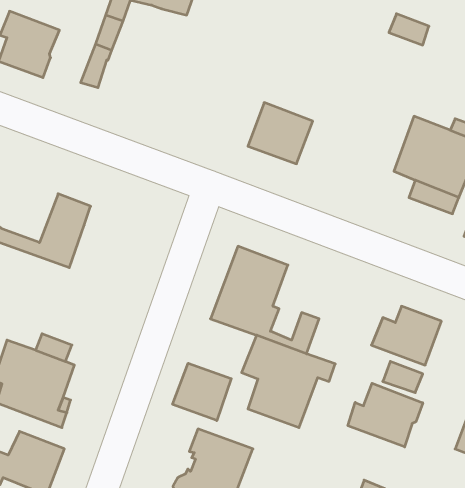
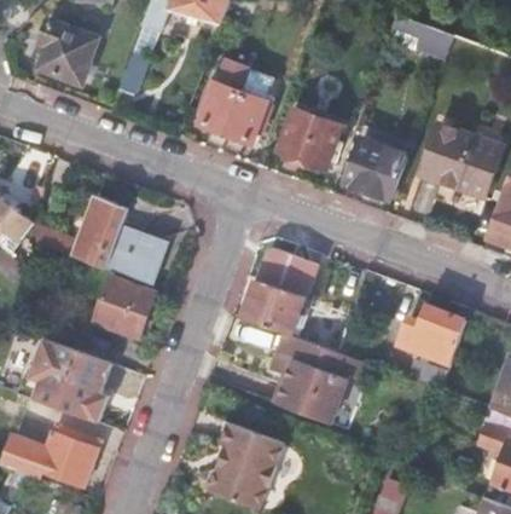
building: none -> [201,60,274,140]
building: none -> [344,140,406,200]
building: none -> [105,227,164,284]
building: none -> [92,276,153,337]
building: [173,363,231,421] -> none
building: [348,383,423,447] -> none

